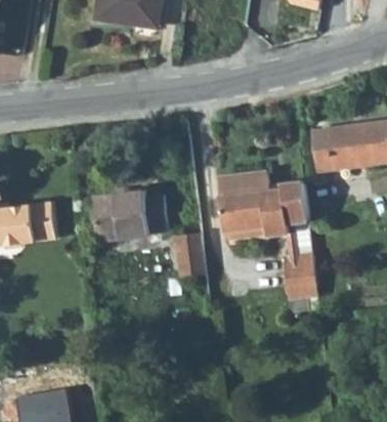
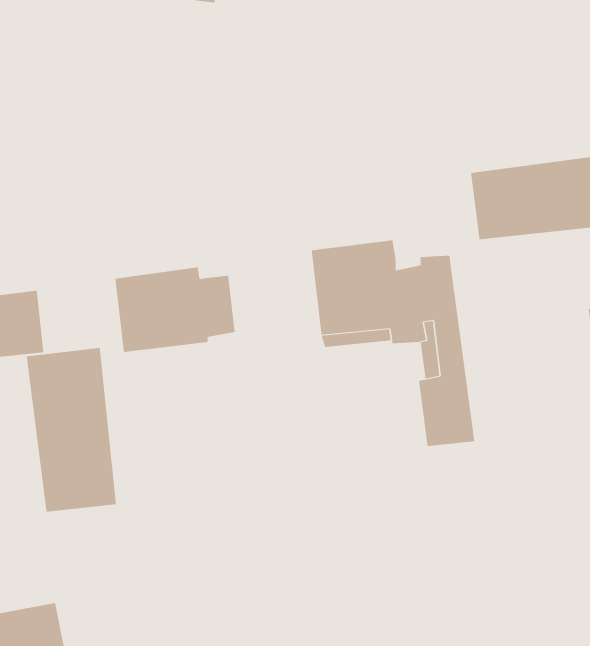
building: [179,233,206,277] -> none
building: none -> [26,347,117,513]

